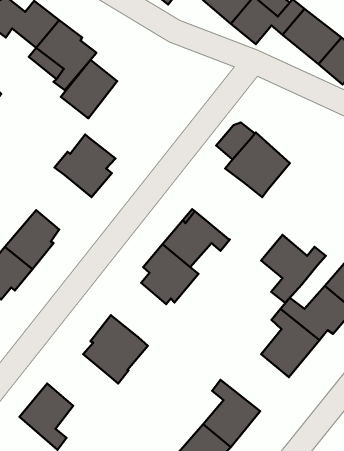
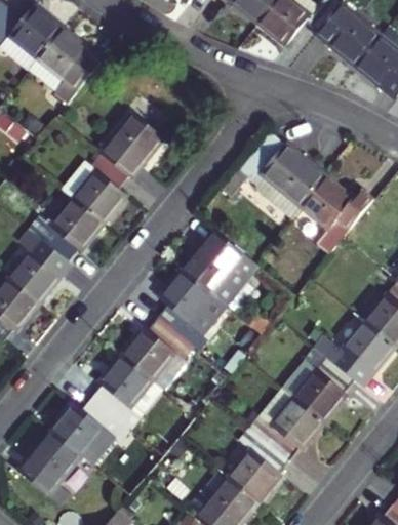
building: [61,60,117,118] -> [101,114,163,178]
building: none -> [41,196,103,256]
building: [261,235,326,303] -> [300,183,371,258]
building: none -> [124,316,186,376]
building: none -> [53,395,120,460]
building: none -> [246,395,322,458]

